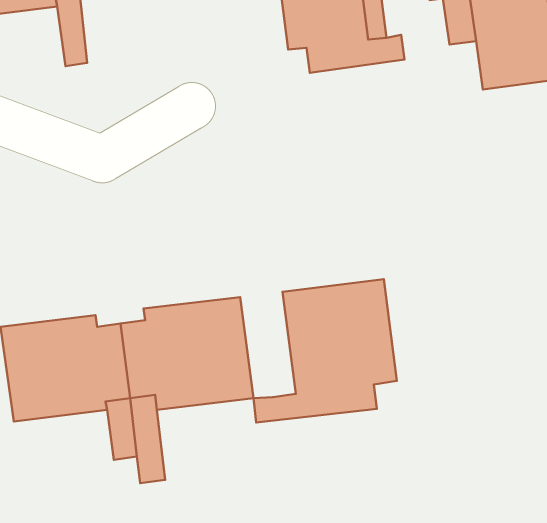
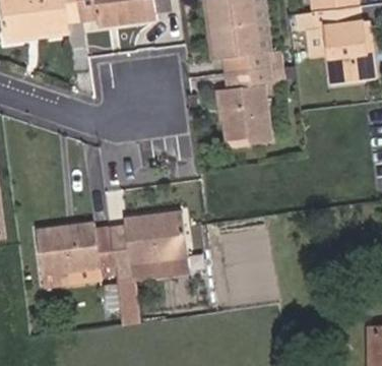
building: none -> [218,65,284,146]
building: [253,279,397,423] -> none

